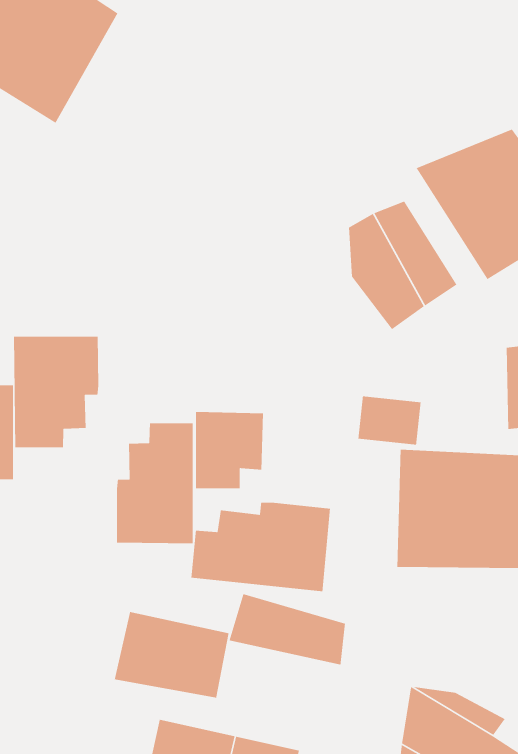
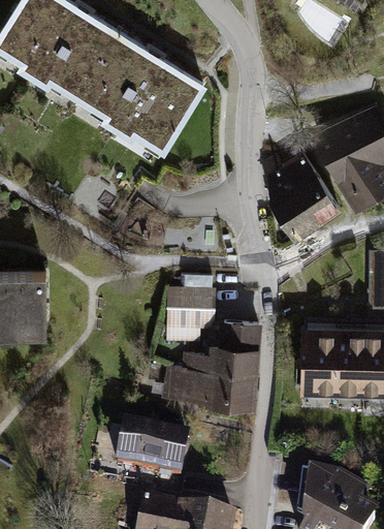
building: none -> [75,28,207,155]
building: [13,336,99,448] -> none
building: [358,395,422,445] -> [218,322,260,355]
building: [116,423,194,544] -> none
building: [229,593,346,665] -> none

